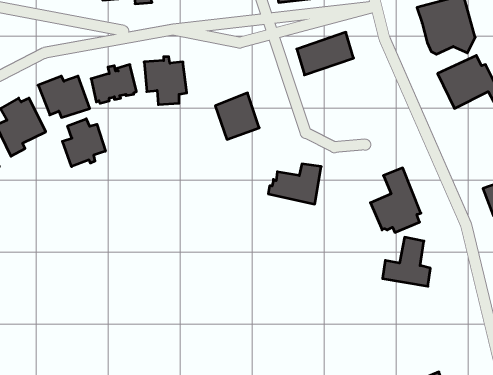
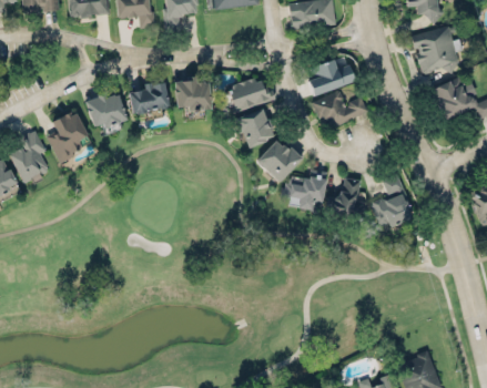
building: none -> [227,79,275,113]
building: none -> [313,91,368,131]
building: [62,119,105,167] -> none
building: none -> [256,139,301,183]
building: [383,237,430,286] -> [325,177,366,219]

